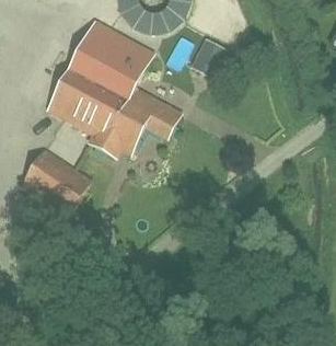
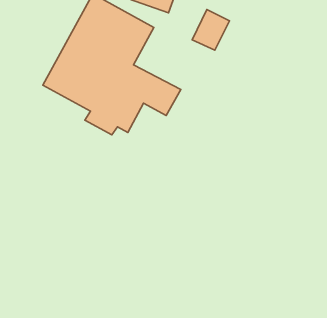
building: [20,147,92,217] -> none

